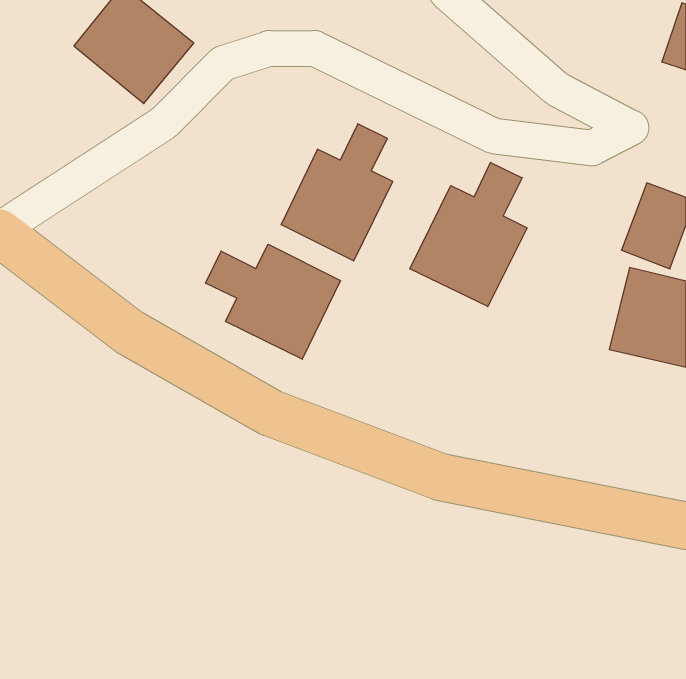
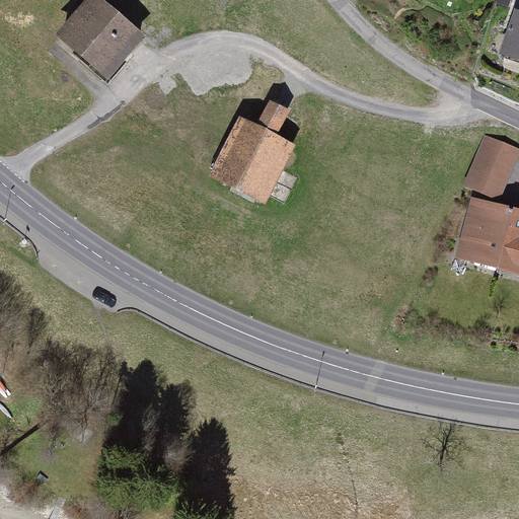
building: [410,162,527,307] -> none
building: [206,244,340,359] -> none

